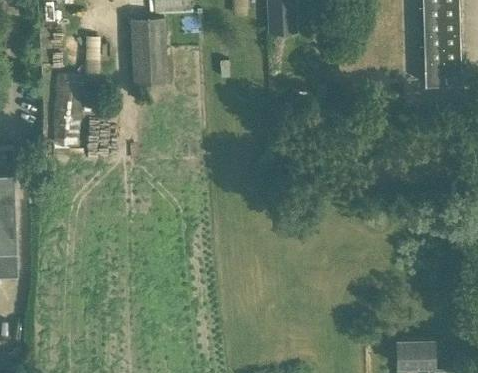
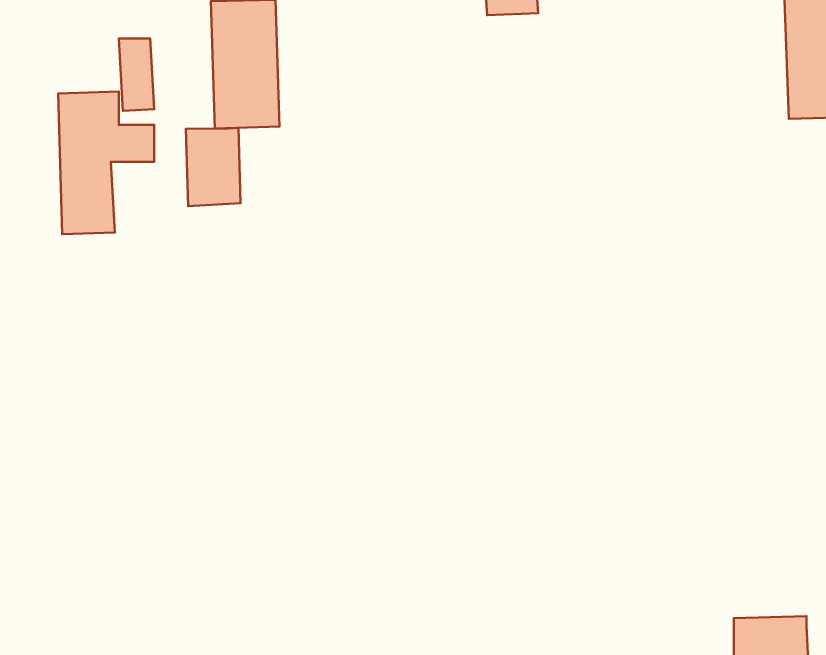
building: none -> [186,128,240,206]

